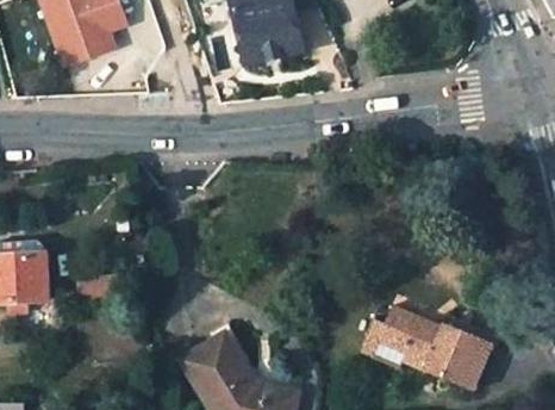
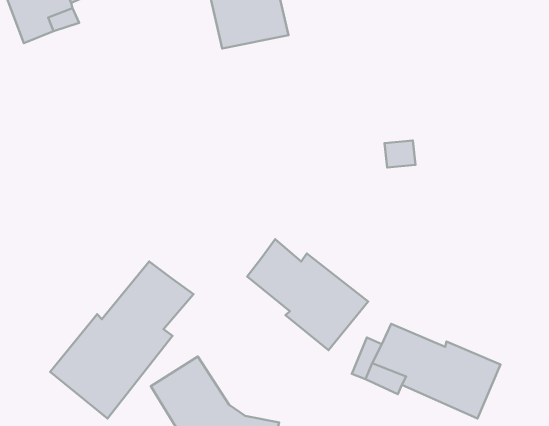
building: none -> [247,239,368,350]
building: none -> [50,262,193,419]

